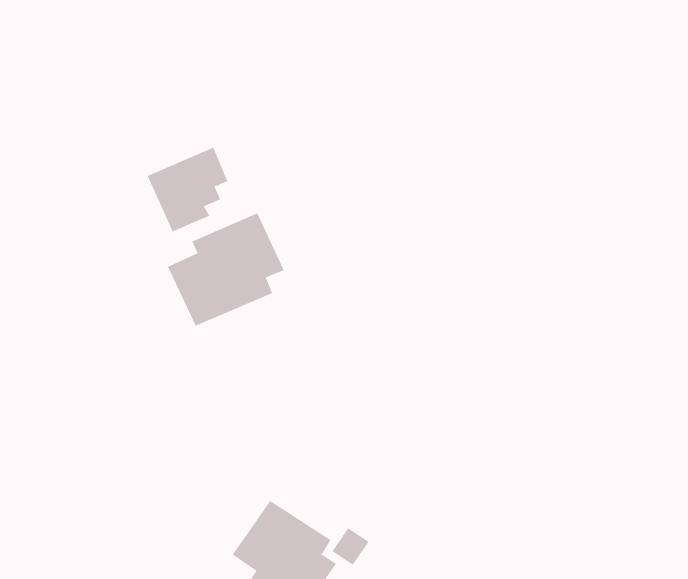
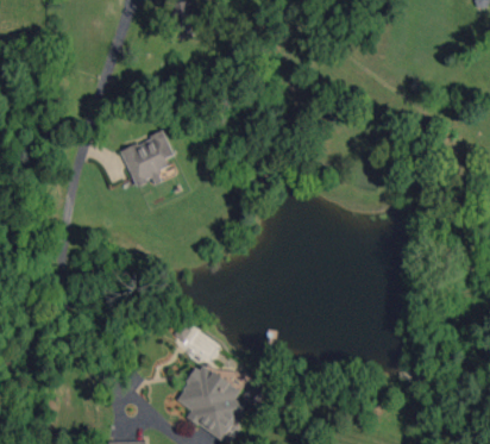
building: [167,212,285,327] -> none

